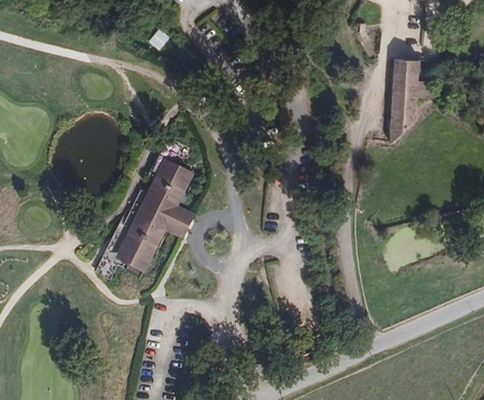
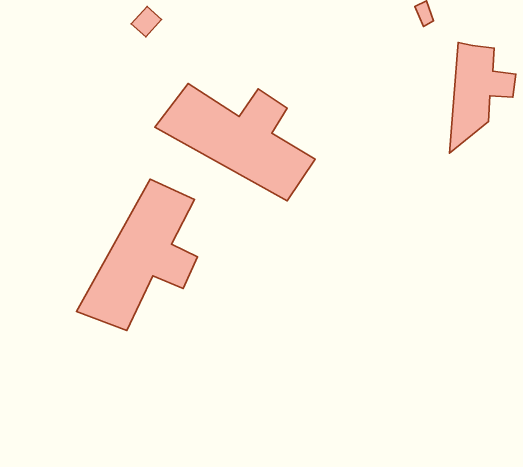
building: none -> [155,84,315,201]

